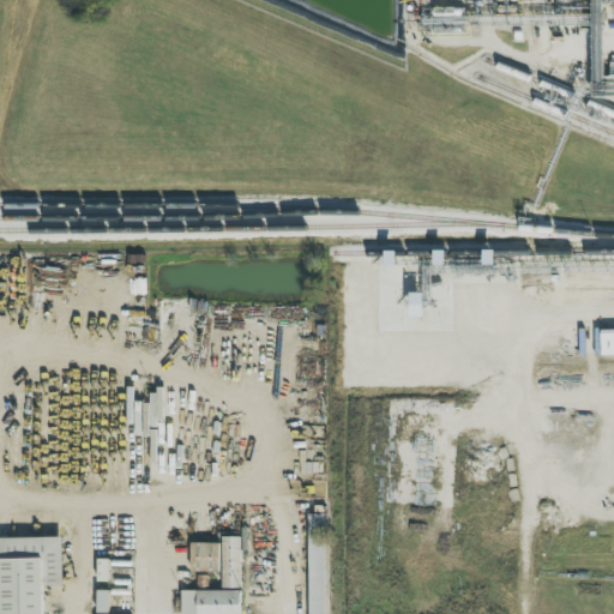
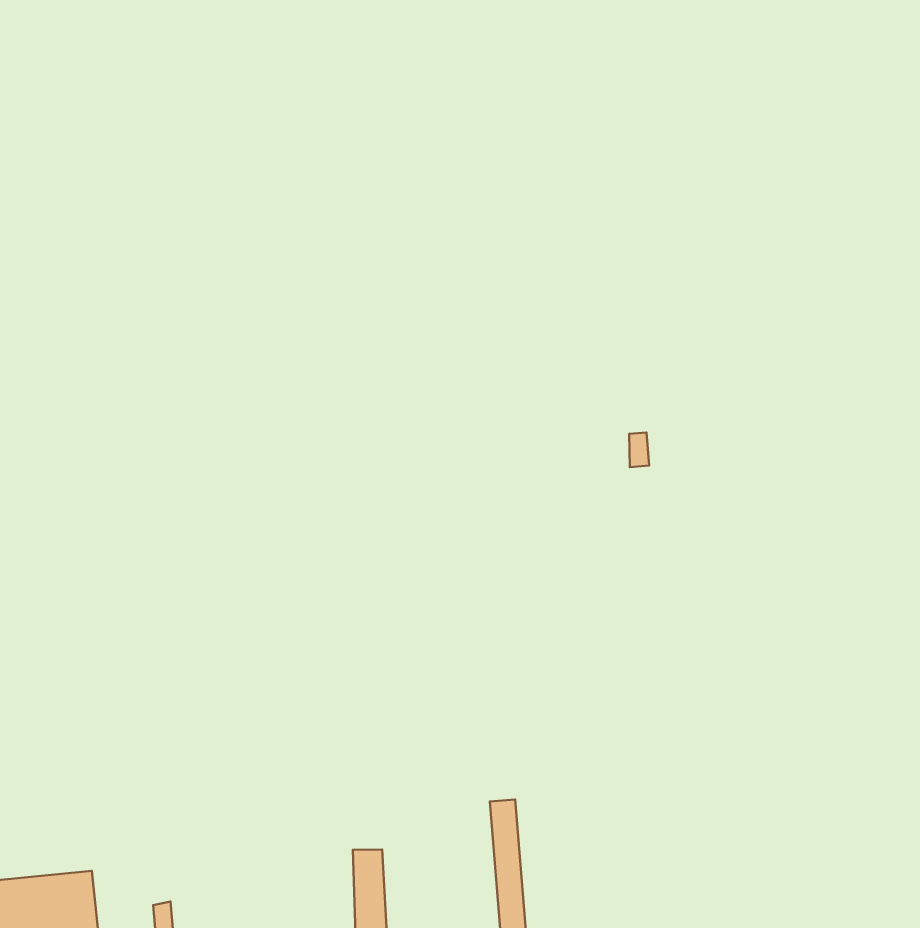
building: [193,543,218,572] -> none

